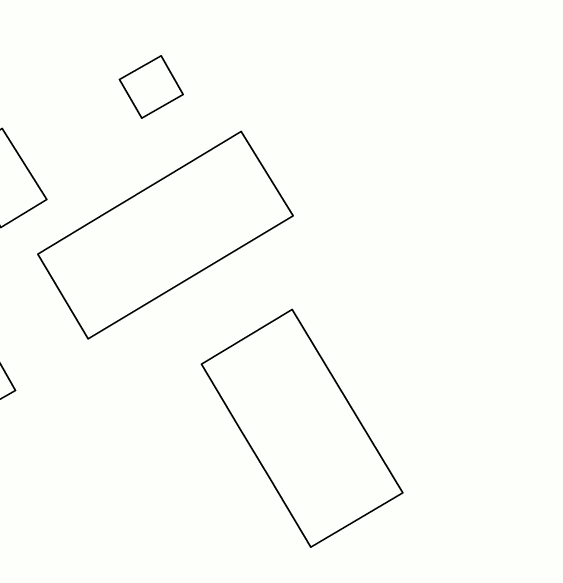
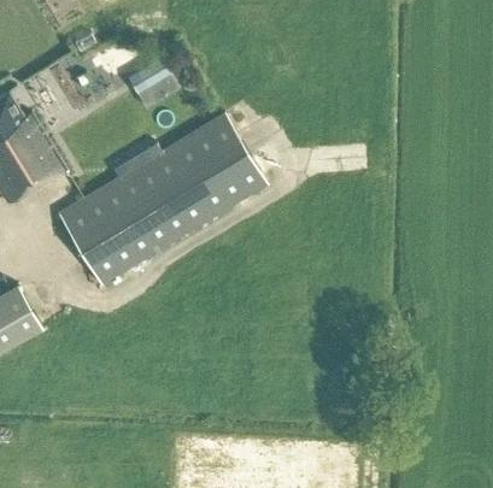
building: [201,309,403,547] -> none

